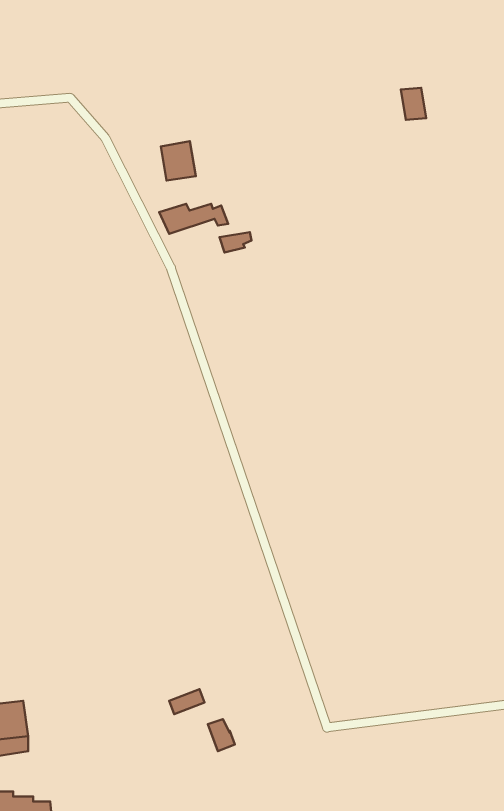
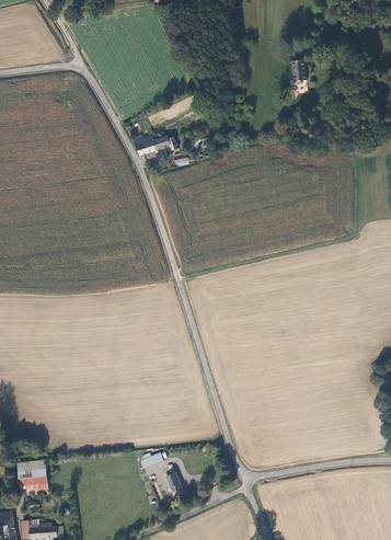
building: [161,141,196,180] -> none

